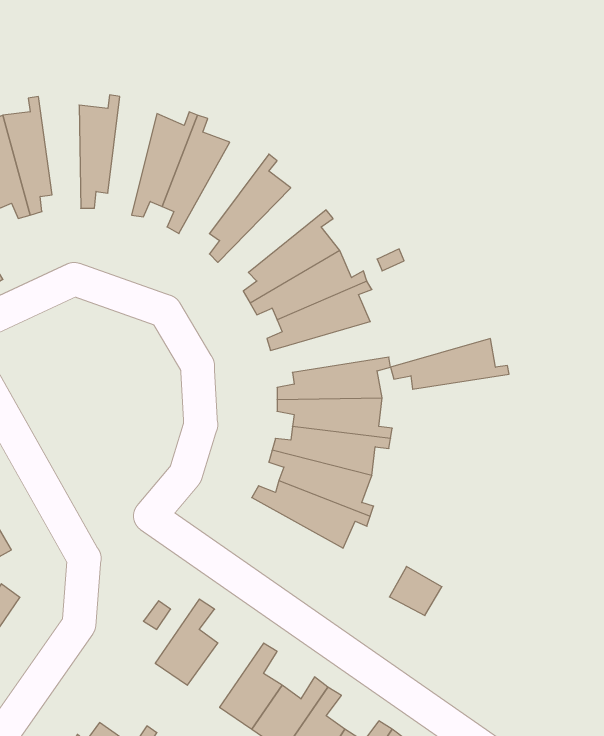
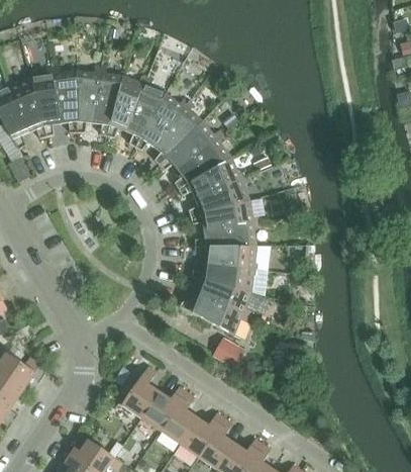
building: none -> [52,64,77,131]
building: none -> [93,65,122,135]
building: none -> [135,92,189,150]
building: none -> [159,119,223,170]
building: [391,339,509,389] -> [190,199,261,229]
building: [389,566,442,616] -> [213,337,244,366]
building: none -> [140,386,186,430]

